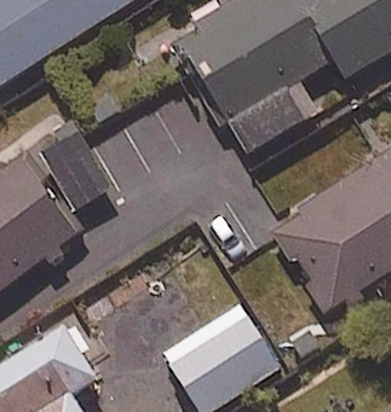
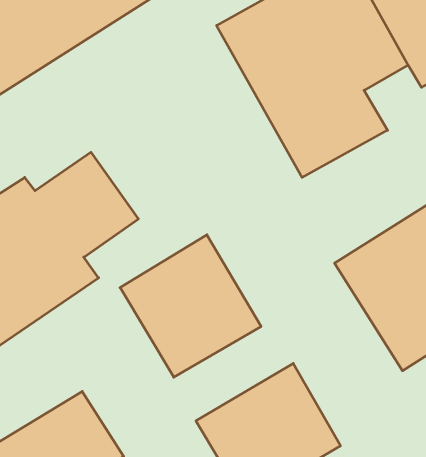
building: none -> [120,235,261,377]

